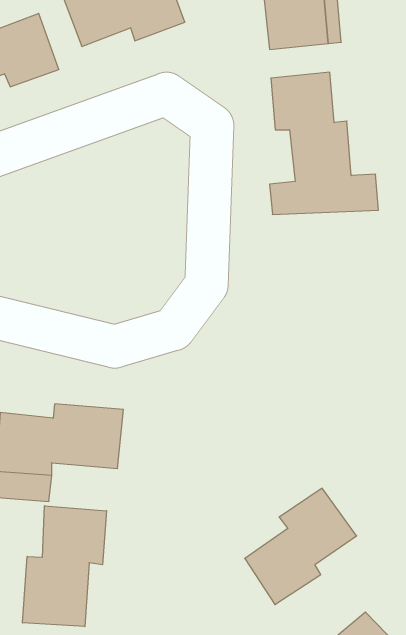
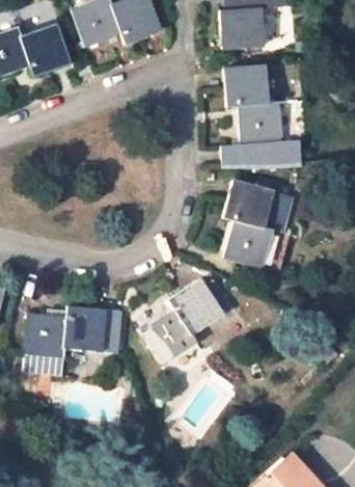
building: none -> [222,181,293,268]
building: [245,488,357,605] -> [142,279,223,363]
building: [23,506,107,627] -> none

